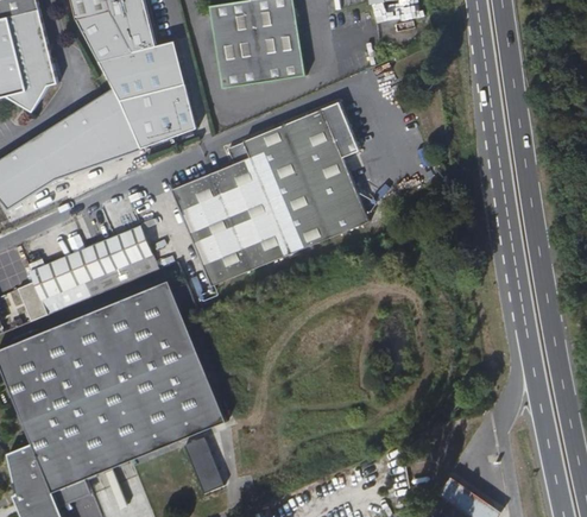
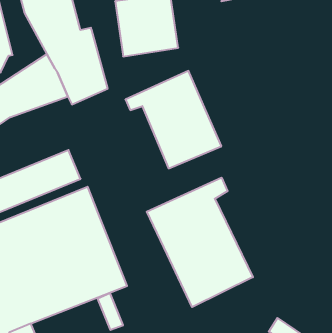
building: [318,100,358,158] -> none
building: [169,160,289,286] -> none
building: none -> [147,178,253,307]

